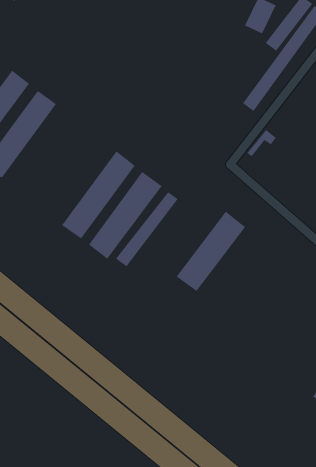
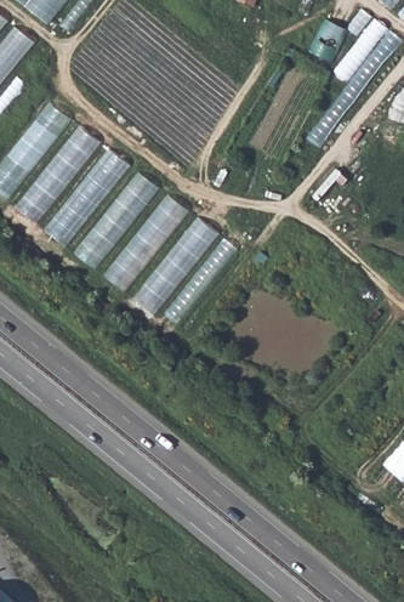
building: none -> [45,147,127,246]
building: none -> [73,169,159,268]
building: [176,211,246,292] -> none

